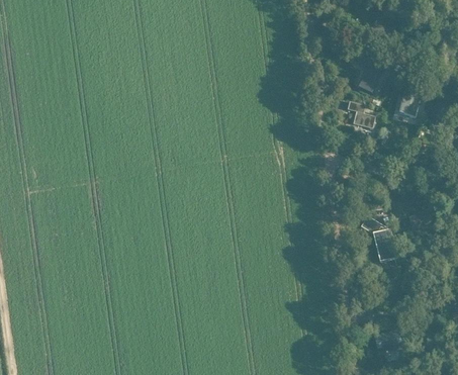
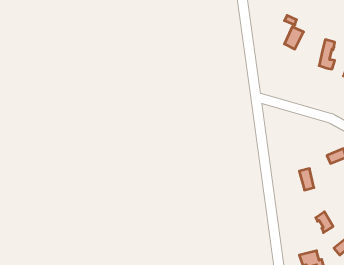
building: [348,101,376,128] -> none

